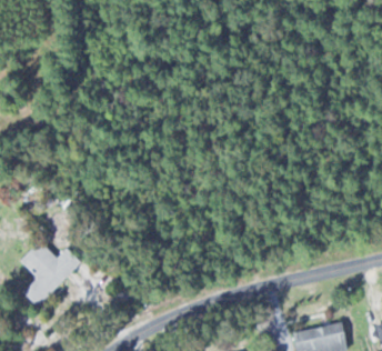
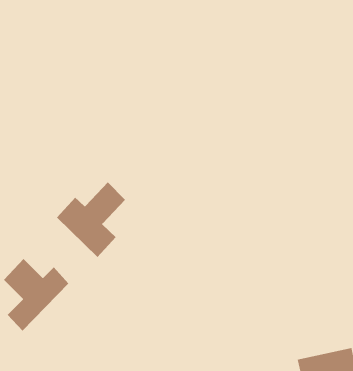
building: none -> [56,182,126,258]

